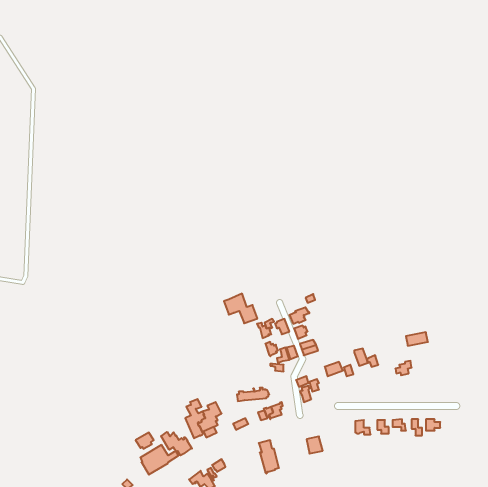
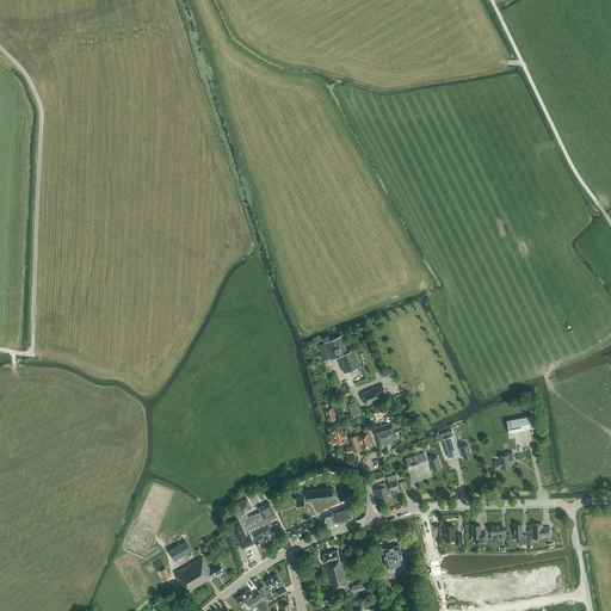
building: [224,294,257,323] -> [319,337,360,374]
building: [161,432,192,455] -> none

